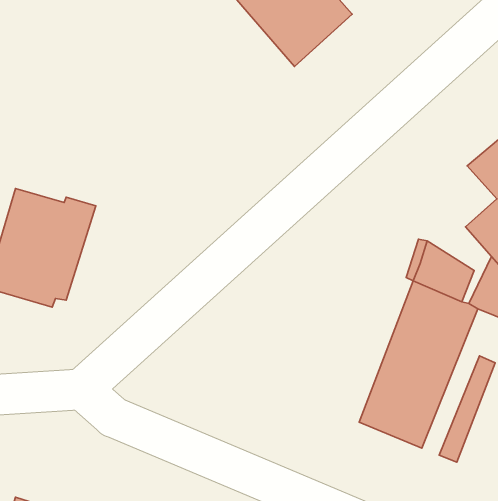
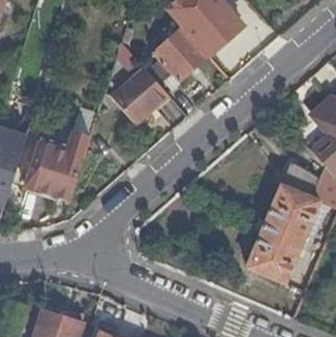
building: none -> [143,25,208,89]
building: none -> [114,41,166,121]

